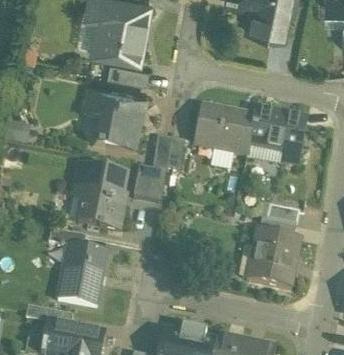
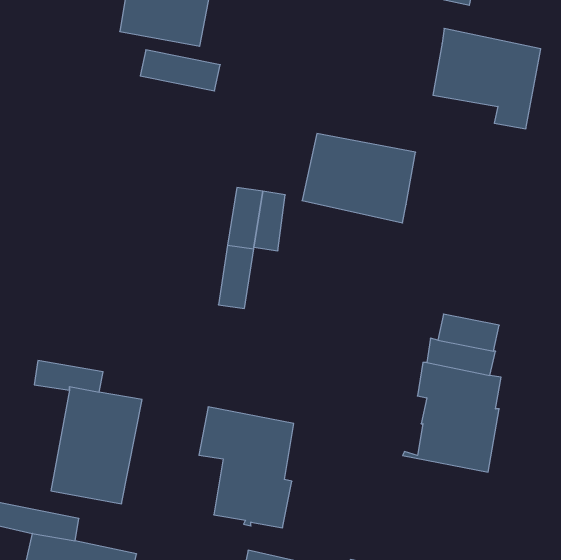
building: [83,86,145,151] -> none
building: [248,109,306,163] -> [433,28,541,129]
building: [74,164,125,229] -> [199,407,294,528]

